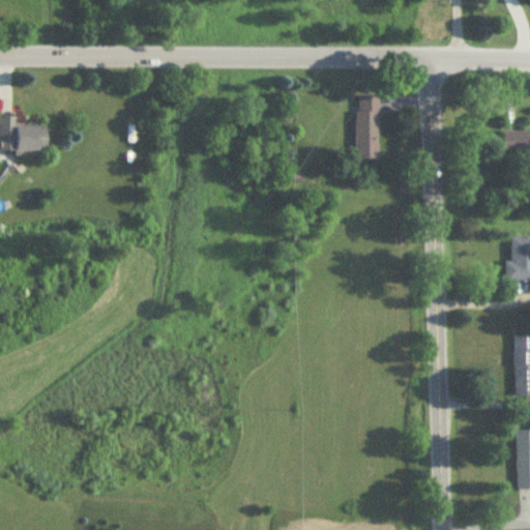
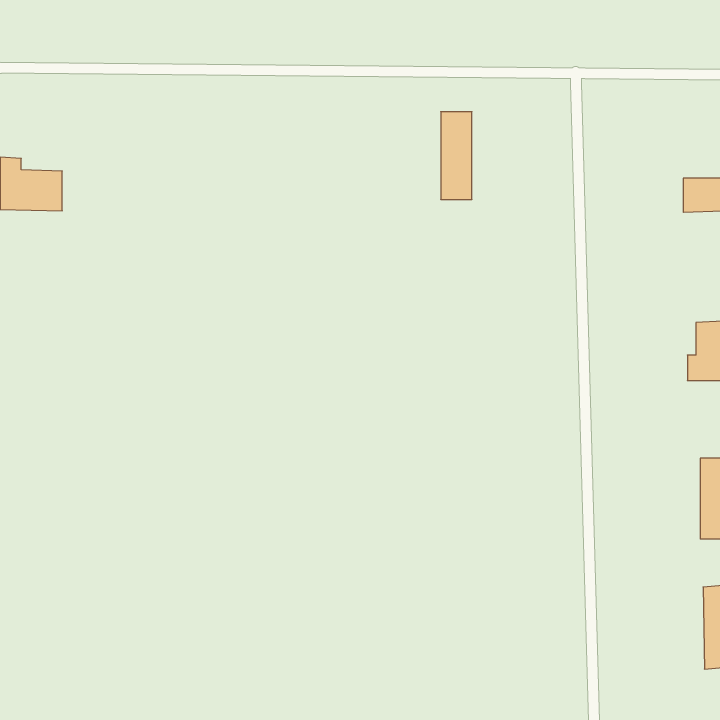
building: [357,94,380,158] -> [441,112,472,199]

